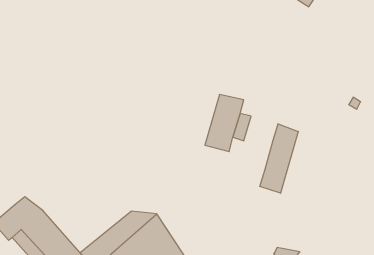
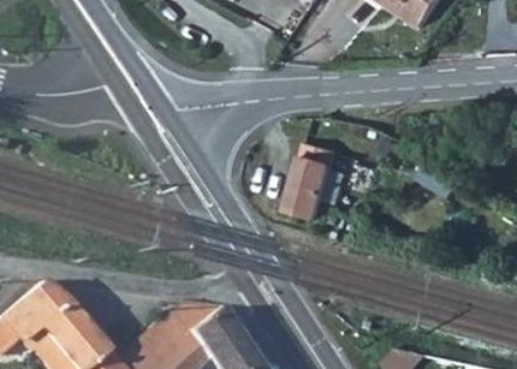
building: [260,124,298,193] -> none

